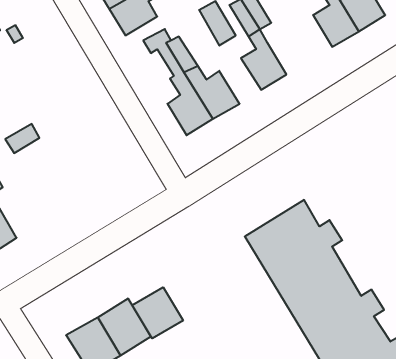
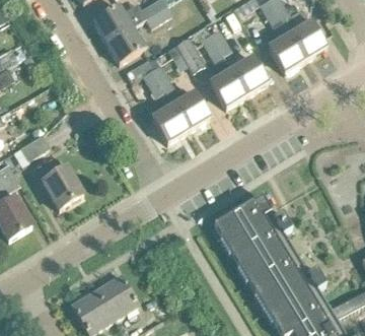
building: none -> [231,56,268,94]
building: none -> [38,156,82,209]
building: [132,287,183,338] -> none

